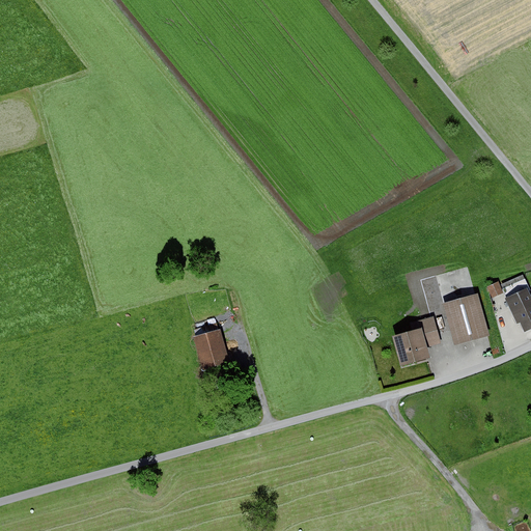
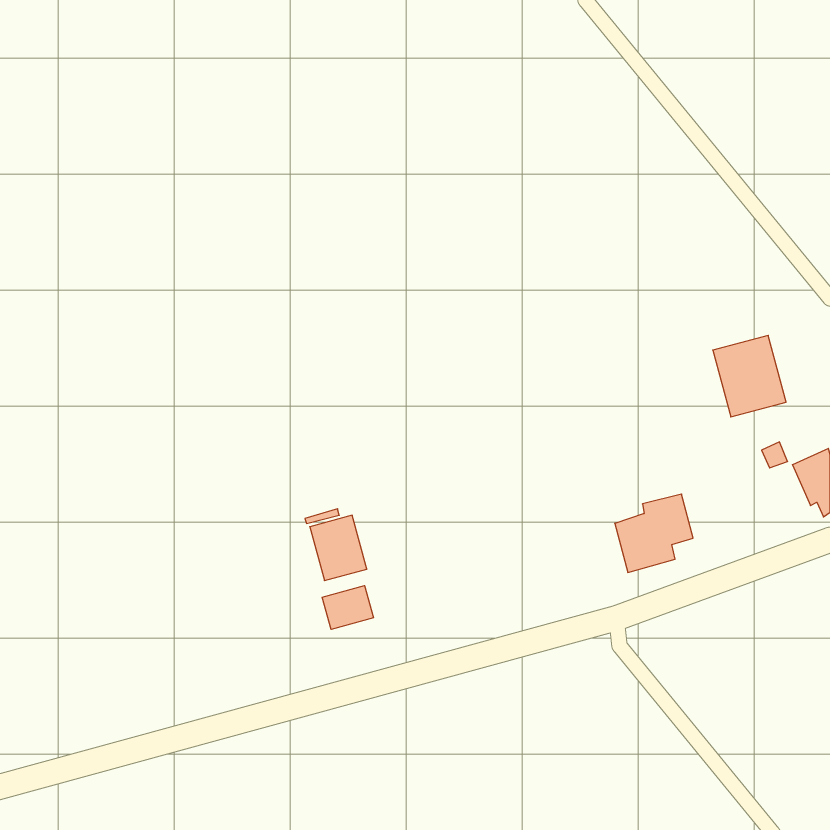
building: [442,292,488,344] -> [713,335,786,417]
building: none -> [322,586,373,629]

